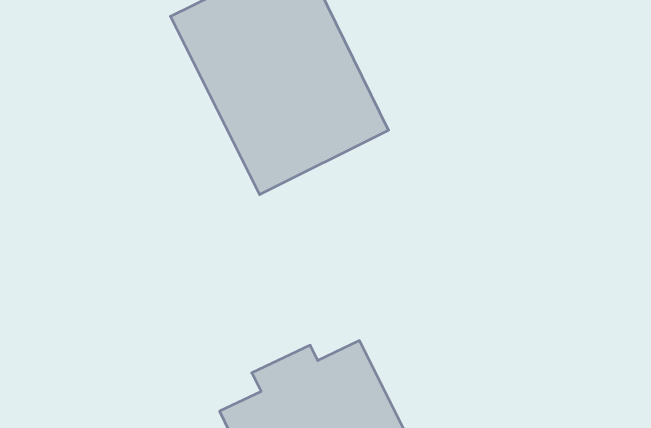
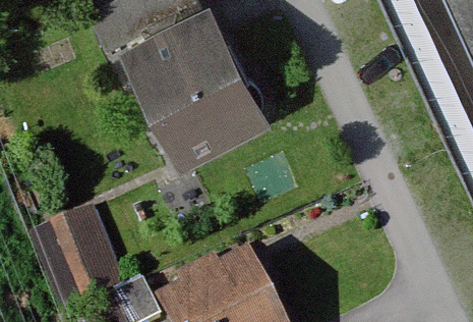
building: none -> [23,204,119,293]

